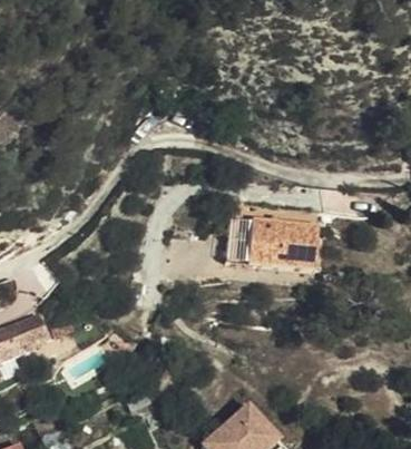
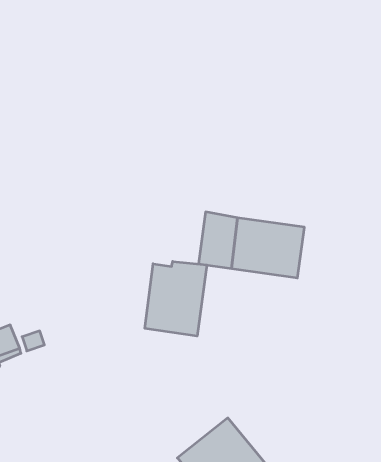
building: none -> [145,261,207,336]

